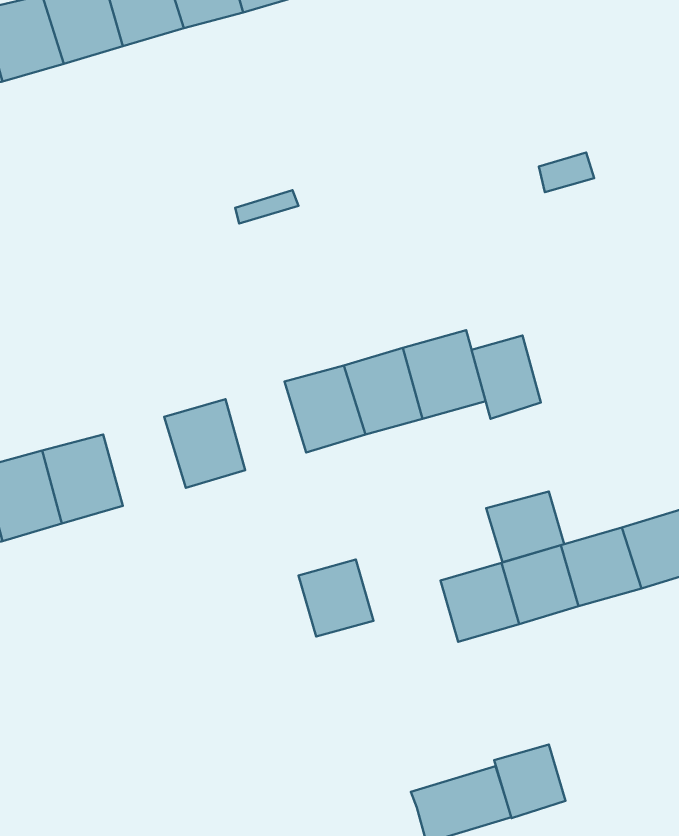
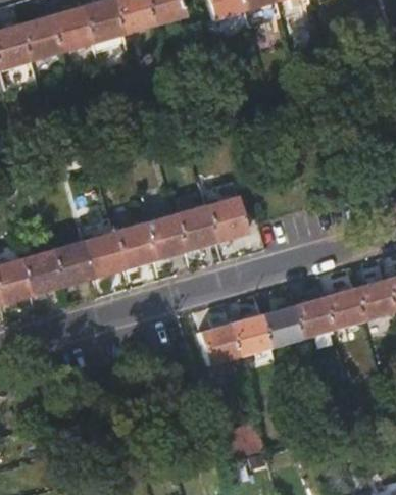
building: [472,335,541,419] -> none
building: none -> [119,221,161,267]
building: none -> [56,240,99,286]
building: [486,491,564,562] -> none
building: [298,560,373,637] -> [201,325,240,364]
building: [494,745,565,818] -> none

